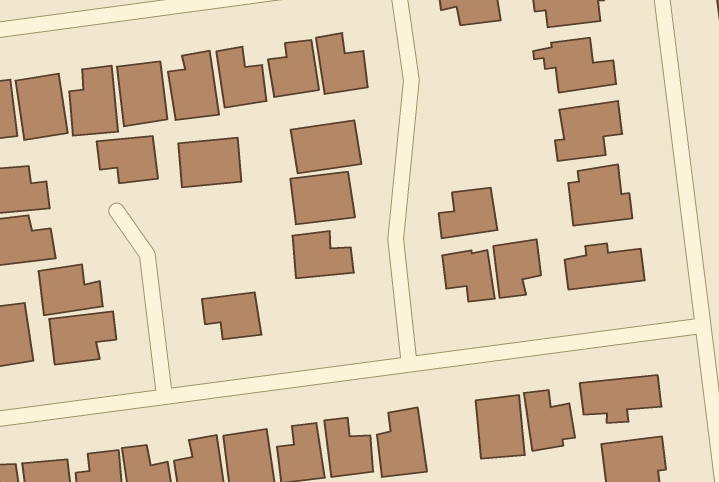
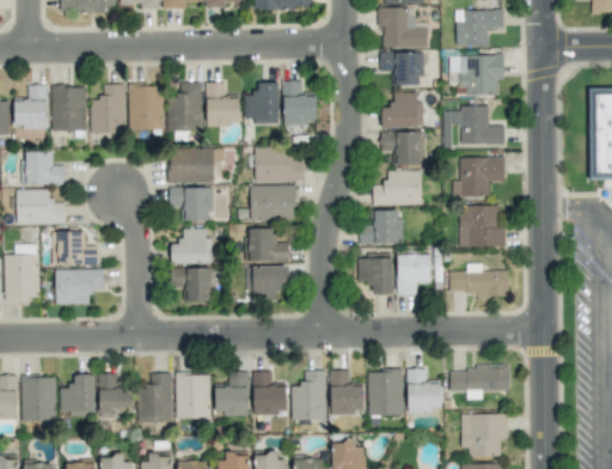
building: none -> [381,92,423,127]
building: none -> [380,132,423,165]
building: none -> [373,170,421,205]
building: [97,136,158,183] -> [169,187,212,220]
building: none -> [170,229,213,263]
building: none -> [247,266,289,299]
building: none -> [330,370,365,414]

